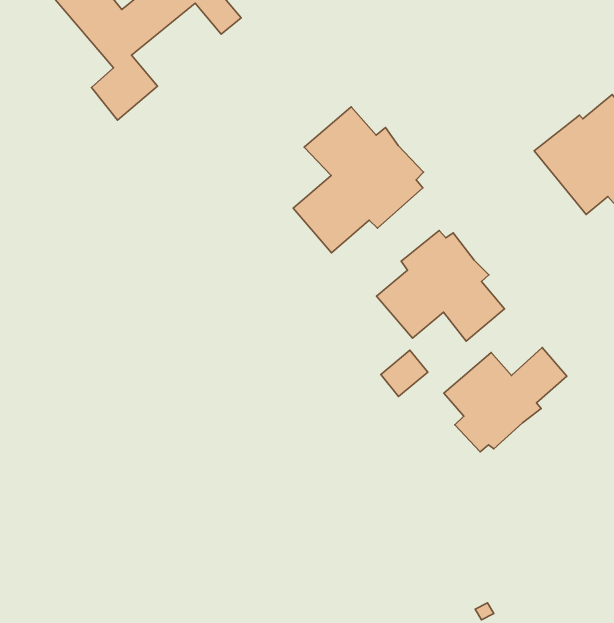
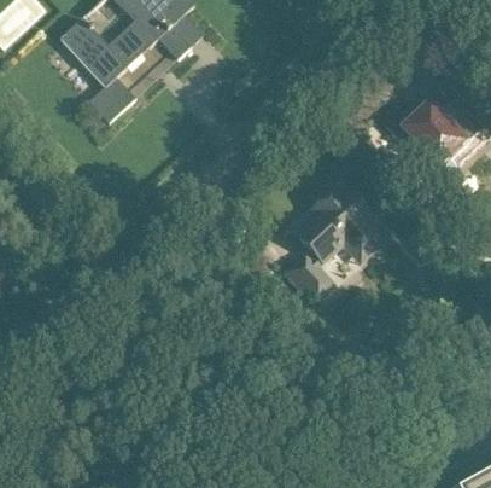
building: [293,107,424,253] -> none
building: [444,348,567,452] -> none

